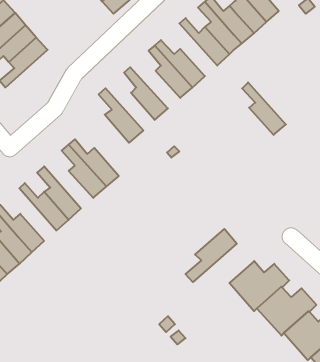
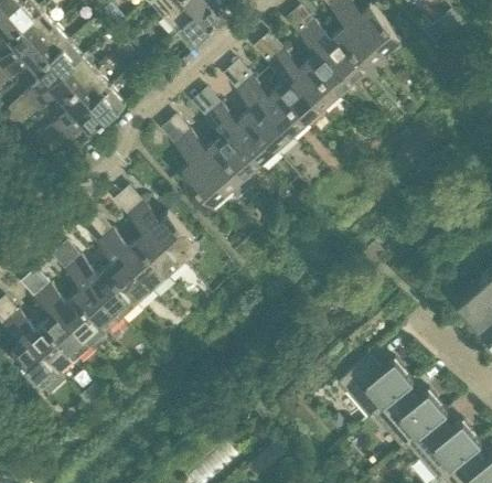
building: none -> [55,89,122,144]
building: none -> [212,105,275,163]
building: [242,82,286,135] -> [266,56,321,122]
building: none -> [181,132,243,191]
building: none -> [104,229,165,289]
building: none -> [64,264,119,330]
building: [186,229,237,282] -> none

